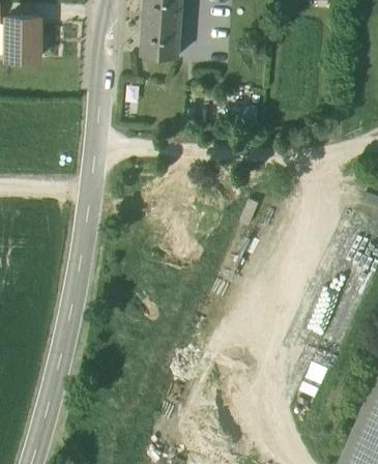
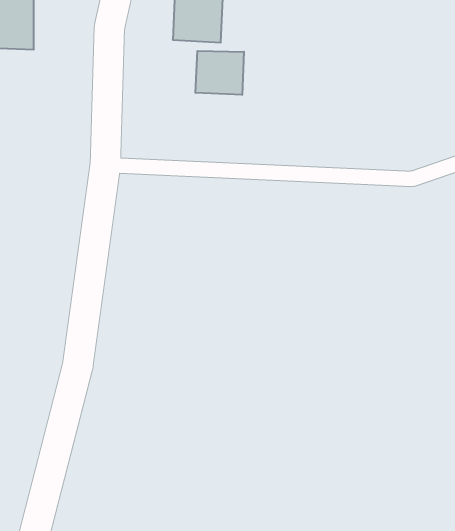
building: none -> [196,51,244,95]

